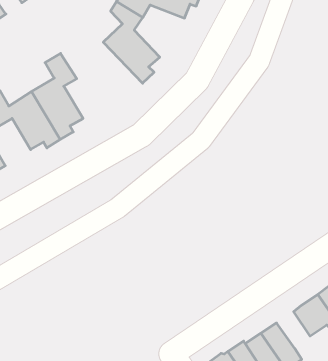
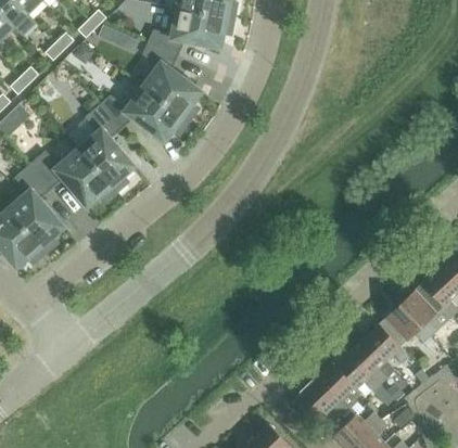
building: none -> [101,86,189,141]
building: none -> [365,325,410,364]

